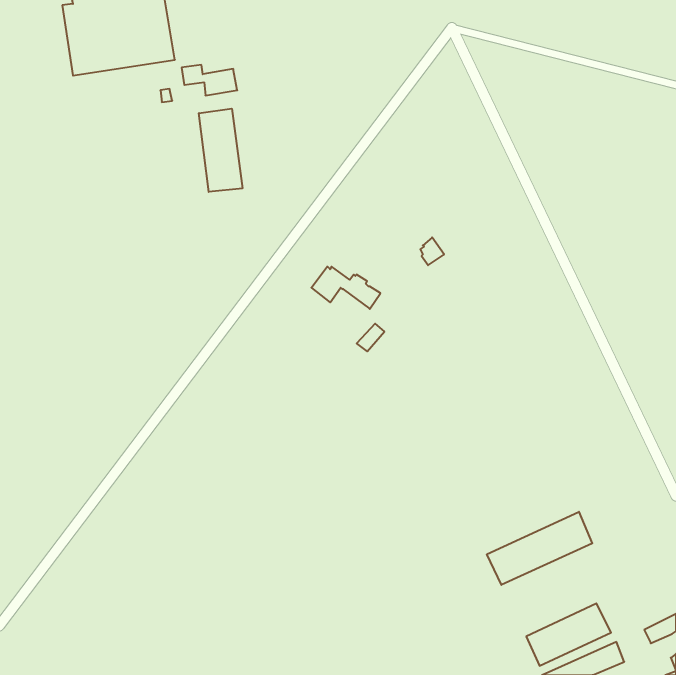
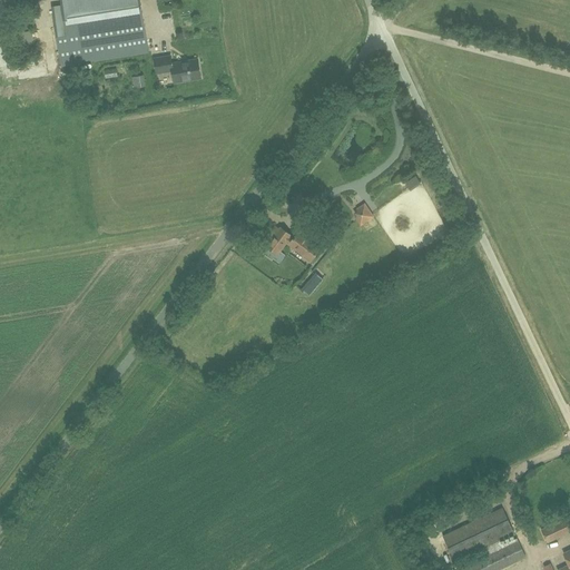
building: [199,109,242,192] -> none
building: [487,512,592,585] -> none

